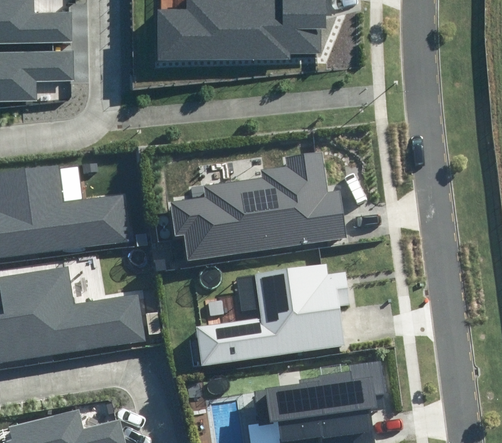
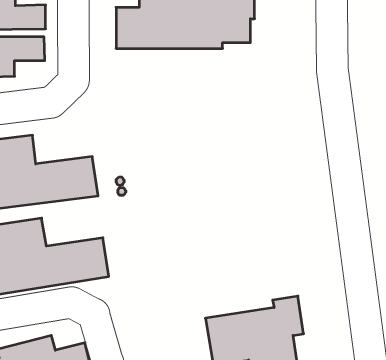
building: [168,152,345,261] -> none
building: [198,265,348,364] -> none

